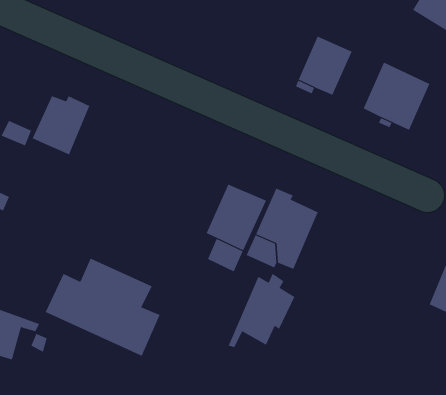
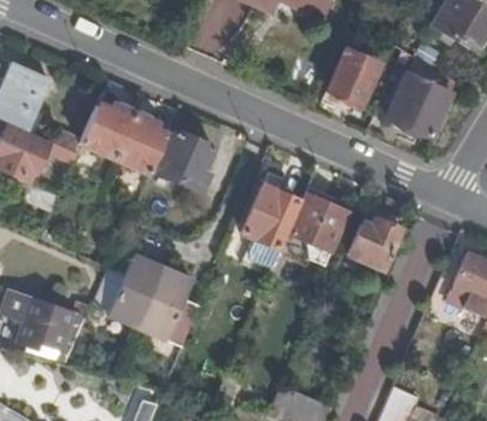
building: none -> [115,113,168,175]
building: none -> [157,131,213,193]
building: none -> [348,218,399,269]
building: [228,273,295,348] -> none

